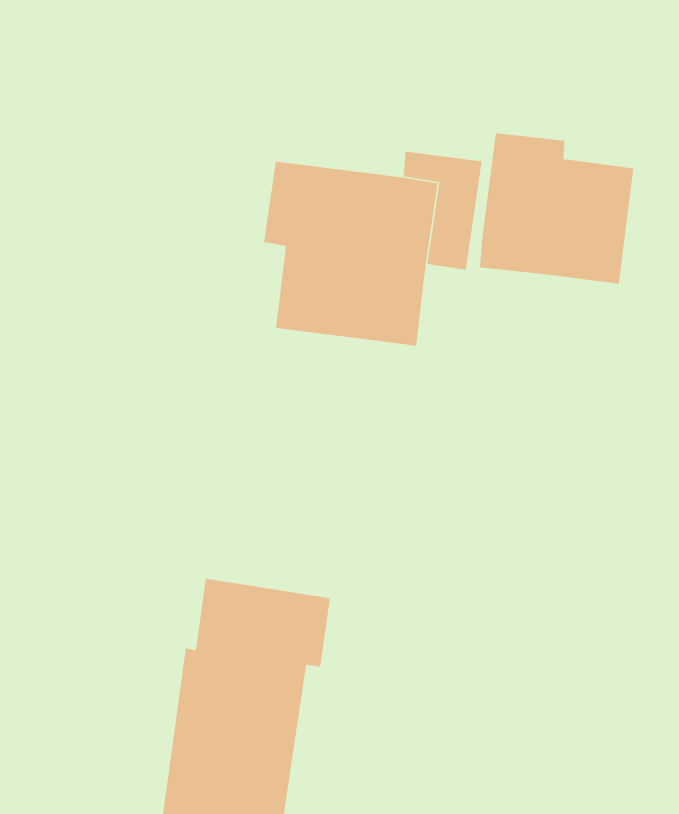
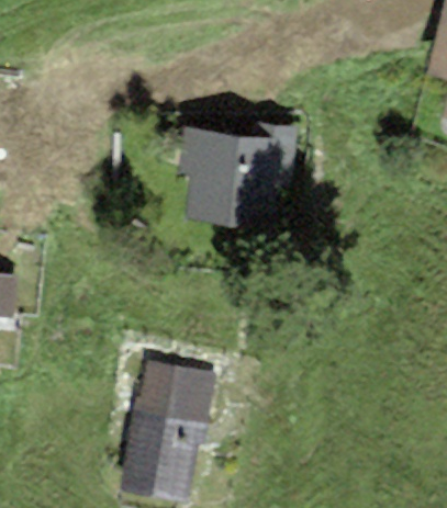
building: [479,133,634,285] -> none

